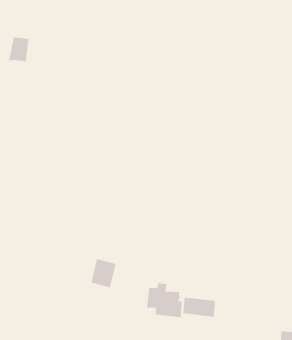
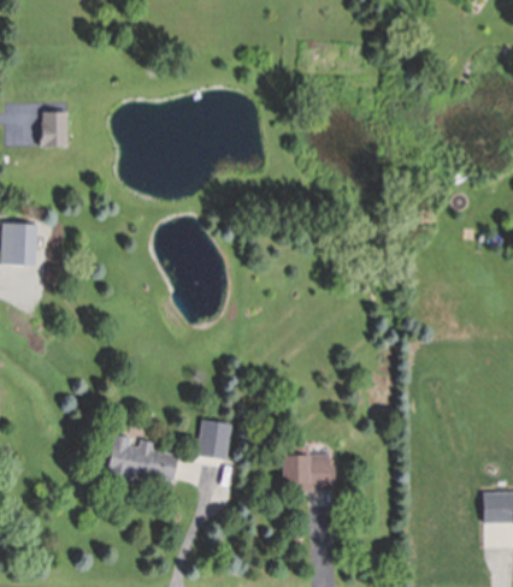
building: none -> [107,433,178,480]
building: [183,297,216,318] -> none

